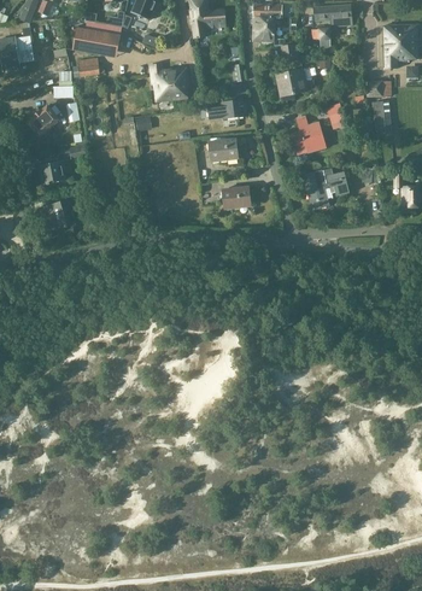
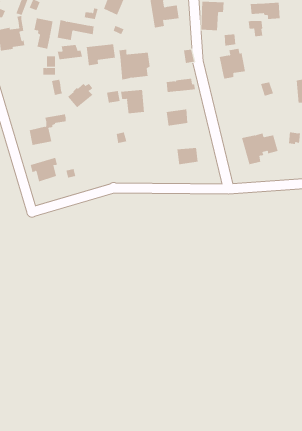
building: none -> [34,18,53,49]
building: none -> [86,43,115,66]
building: [27,105,59,136] -> [67,83,93,108]
building: none -> [121,89,145,114]
building: [292,117,324,153] -> none

